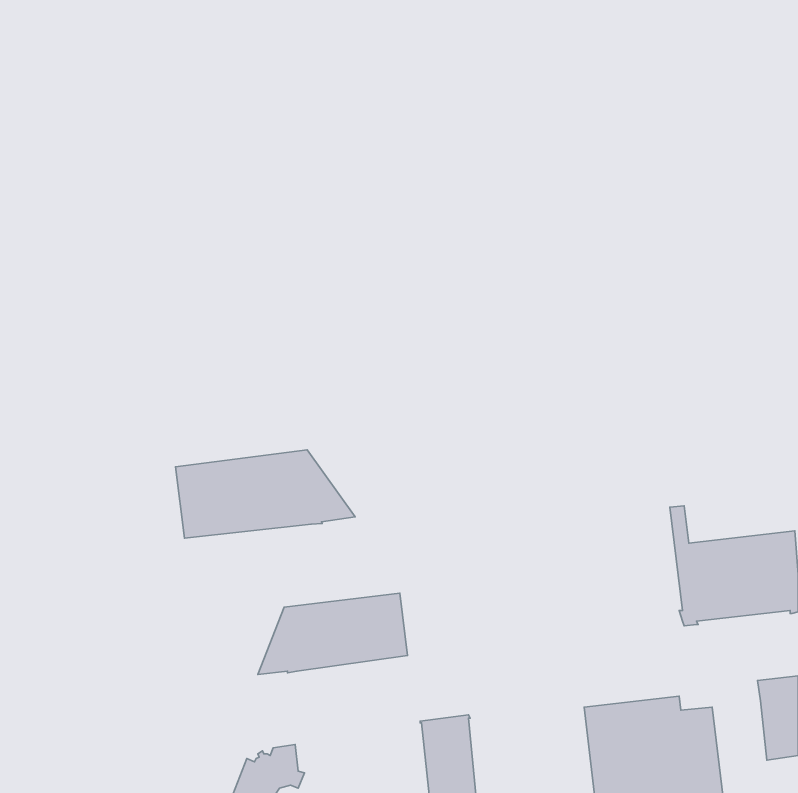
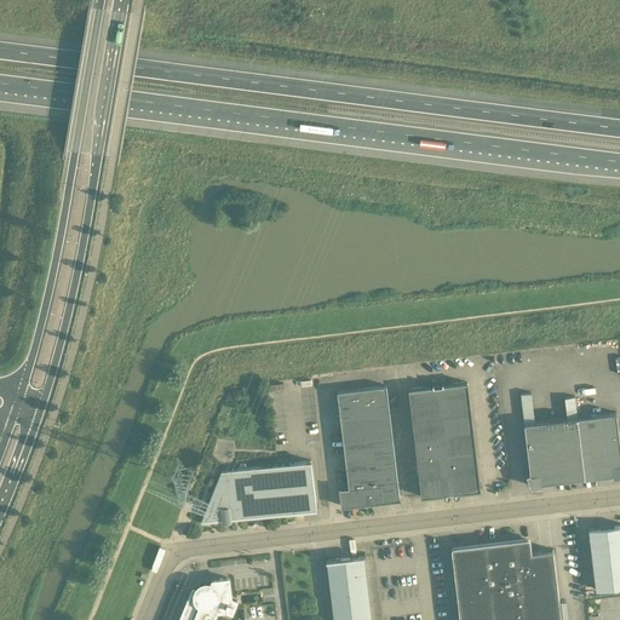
building: [175,450,355,538] -> none
building: none -> [408,386,480,500]
building: none -> [337,389,400,510]

